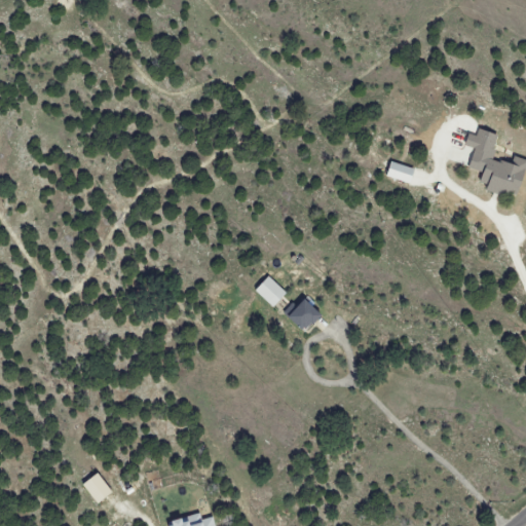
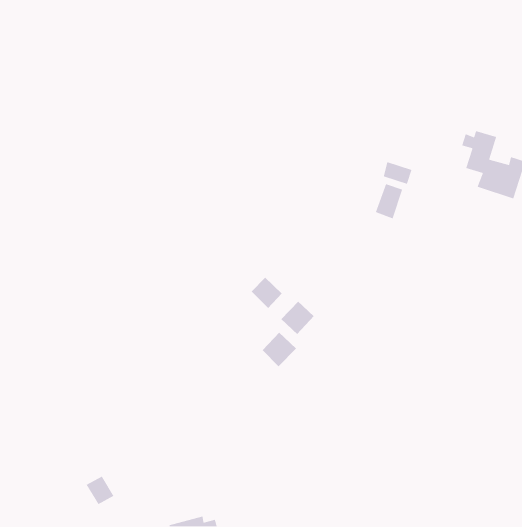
building: none -> [375,183,403,219]
building: none -> [262,332,297,367]

